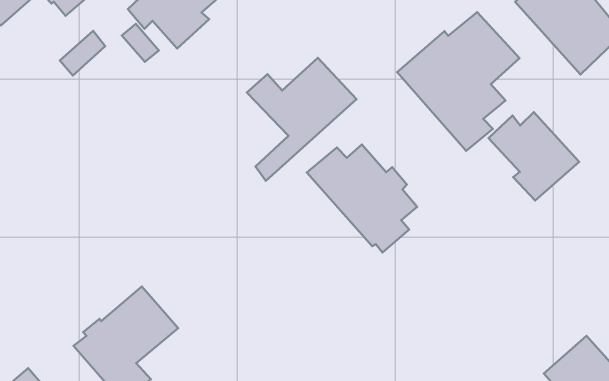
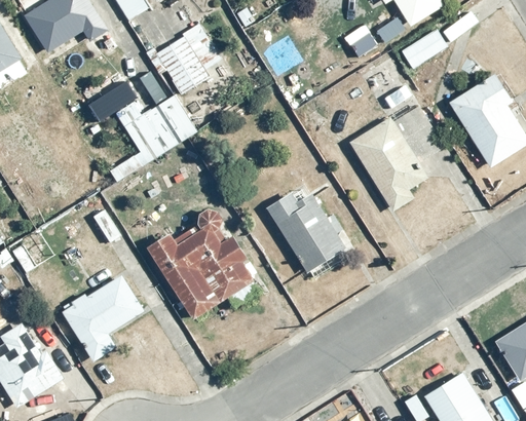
building: [247,58,357,181] -> [110,94,197,183]
building: [489,112,579,201] -> none
building: none -> [148,209,255,319]

